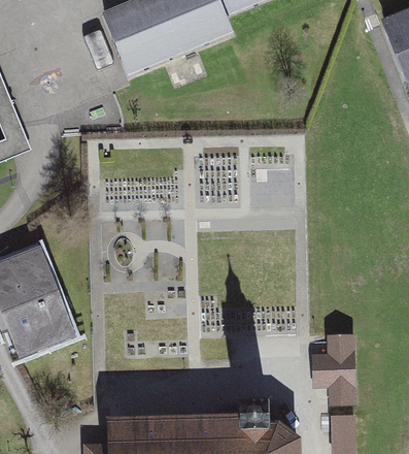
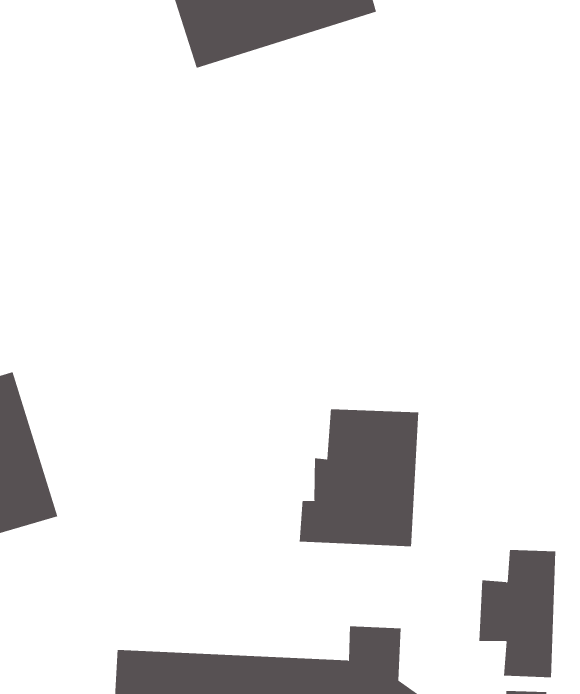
building: none -> [299,409,419,547]

